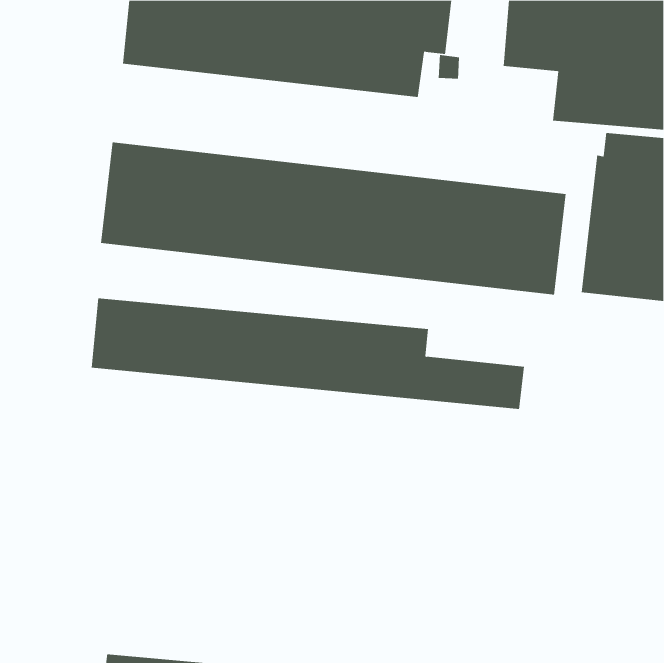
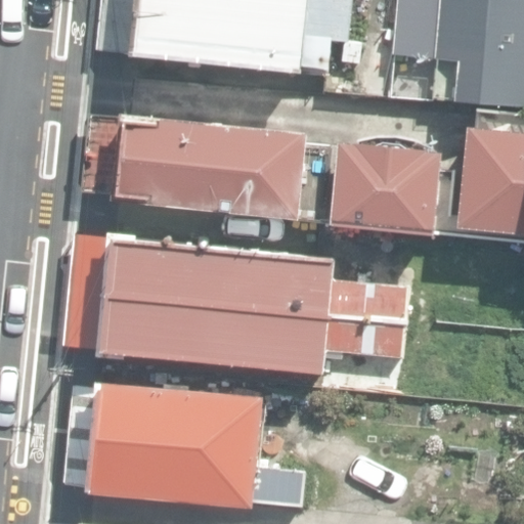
building: none -> [67,291,409,372]
building: none -> [67,382,307,507]

